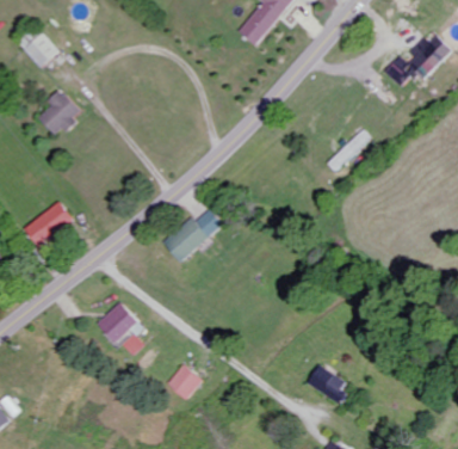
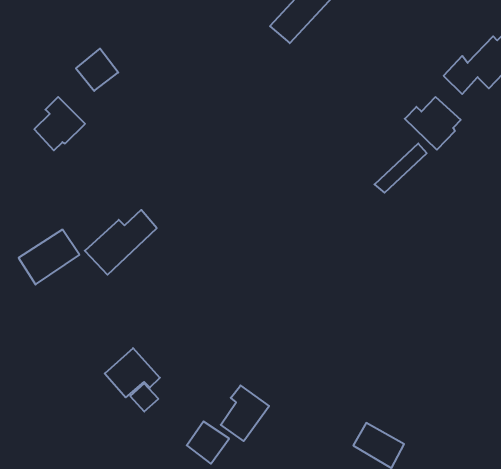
building: [23,32,58,68] -> [76,49,118,91]
building: none -> [405,97,461,150]
building: [162,208,223,263] -> [85,210,157,275]
building: none -> [221,385,269,441]

